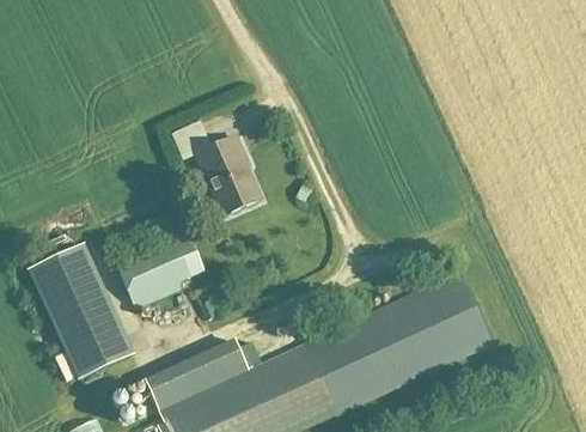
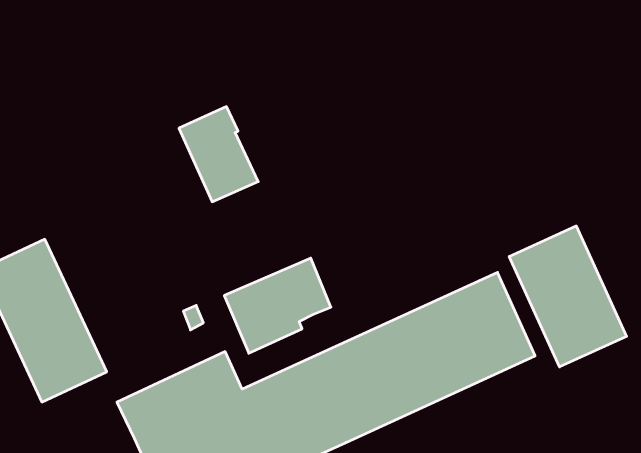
building: [115,227,203,306] -> [224,258,331,353]
building: none -> [509,226,627,367]

